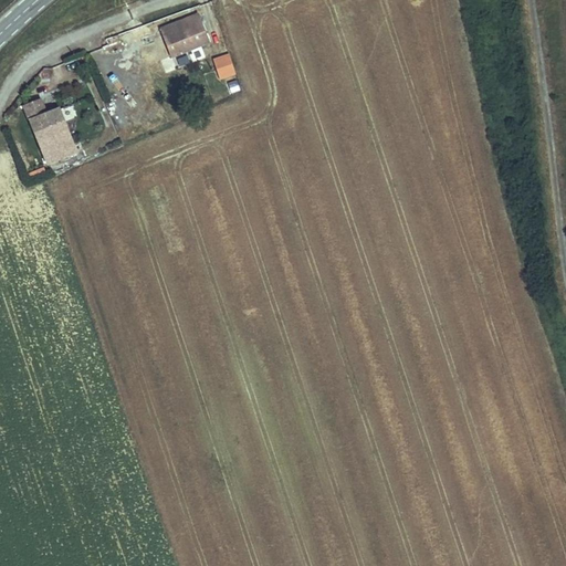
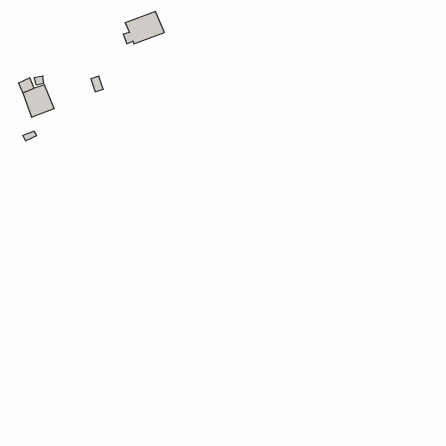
building: [212,51,237,78] -> none
building: [41,137,77,165] -> none

